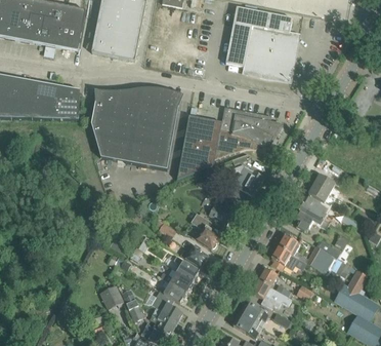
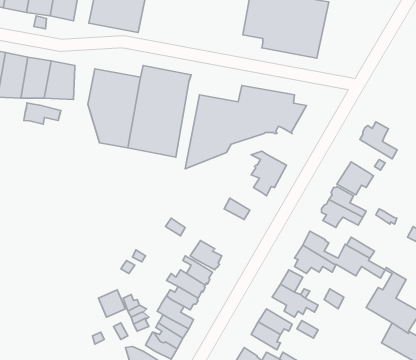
building: none -> [24,103,61,124]
building: none -> [360,122,397,159]
building: [189,213,218,247] -> none

